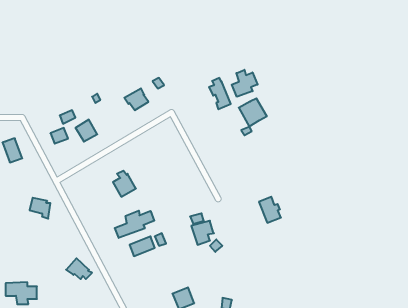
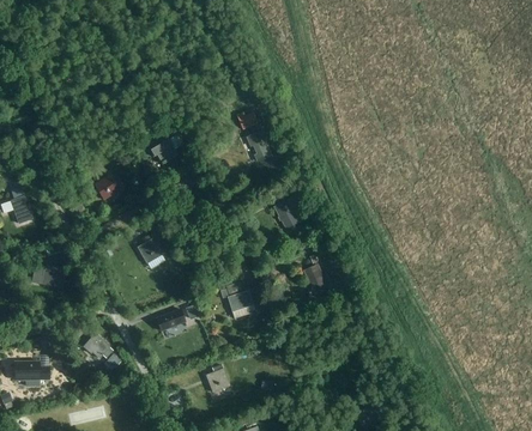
building: [232,70,258,97] -> none
building: [239,98,267,127] -> [276,196,308,229]
building: [115,211,154,238] -> none

